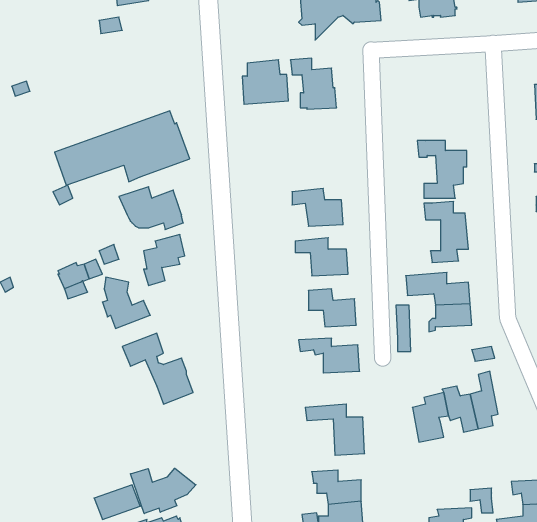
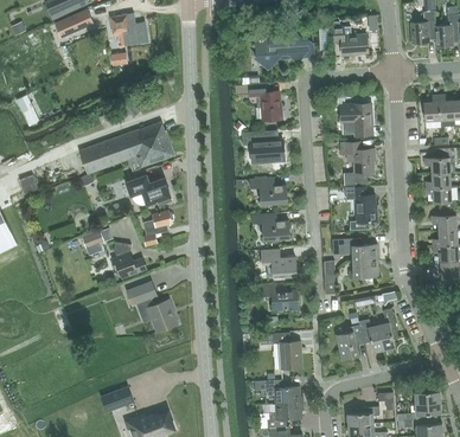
building: [242,60,288,104] -> [250,129,283,161]
building: none -> [340,104,371,135]
building: [130,468,196,514] -> none

